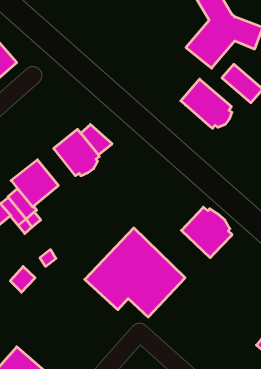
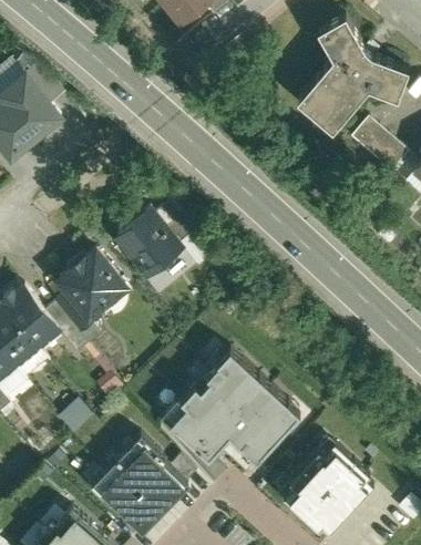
building: [181,79,232,128] -> none
building: [181,207,232,258] -> none
building: none -> [90,434,191,535]
building: none -> [275,439,371,534]

